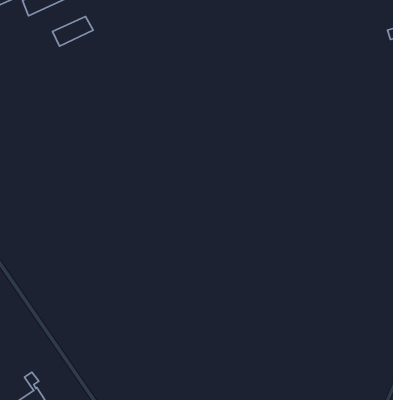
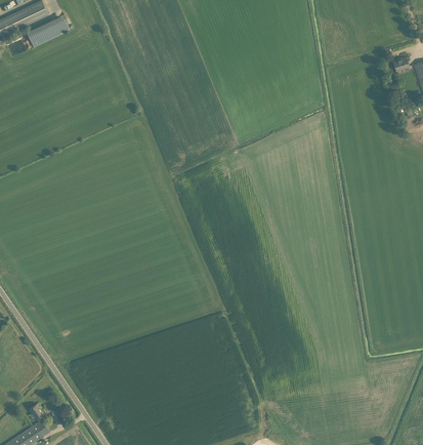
building: [53,16,93,46] -> none

